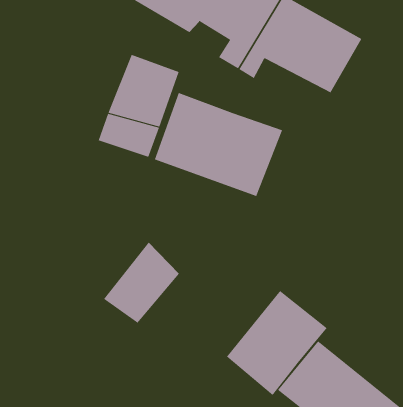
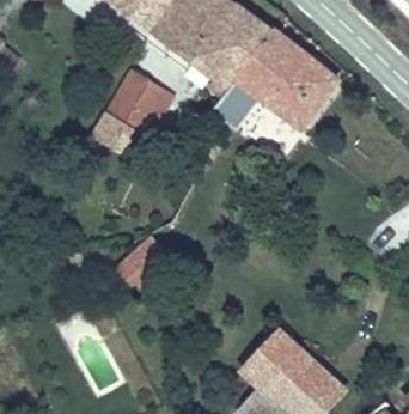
building: [154,92,283,197] -> none
building: [226,290,327,396] -> none

